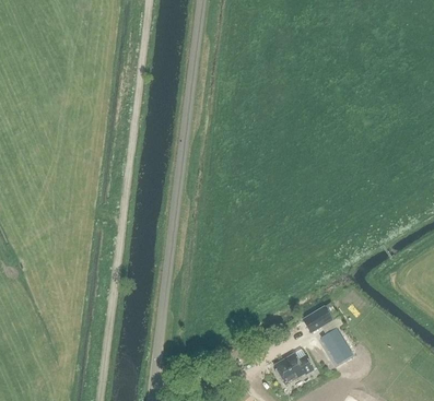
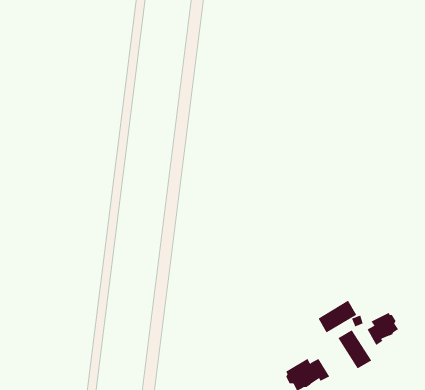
building: none -> [367,312,399,346]

